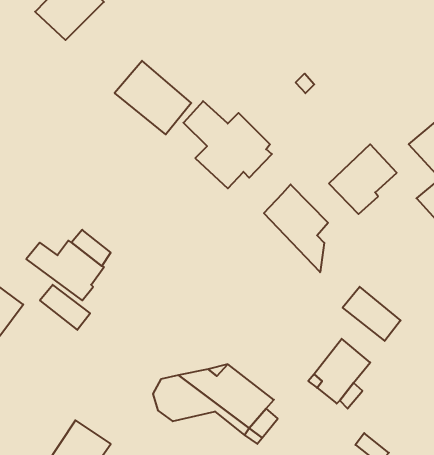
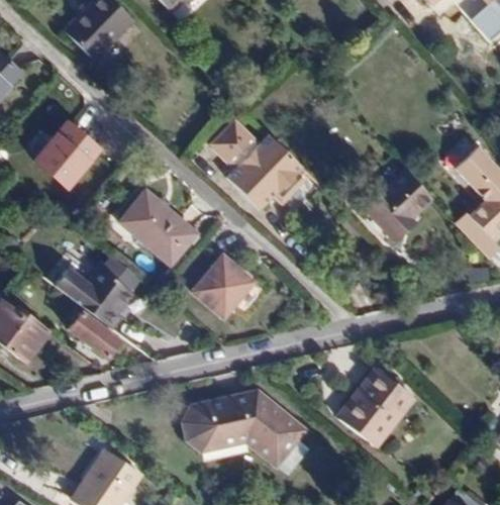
building: [115,61,191,134] -> [117,189,196,265]
building: none -> [33,122,97,187]
building: [264,184,328,272] -> none
building: none -> [191,255,255,319]
building: [343,287,401,341] -> none

